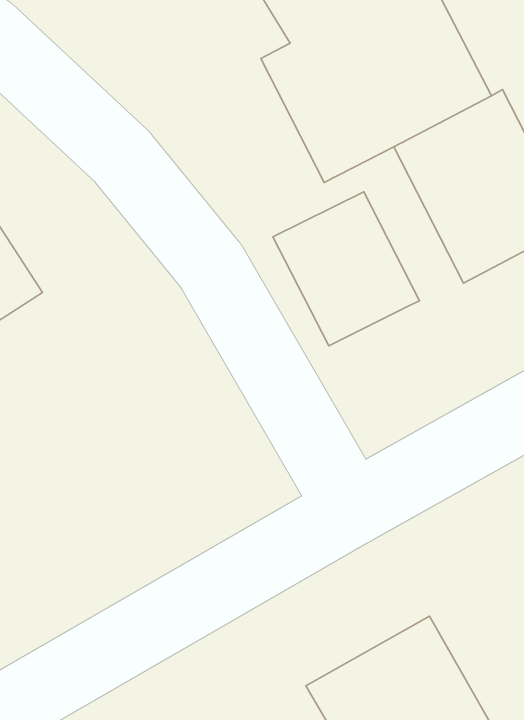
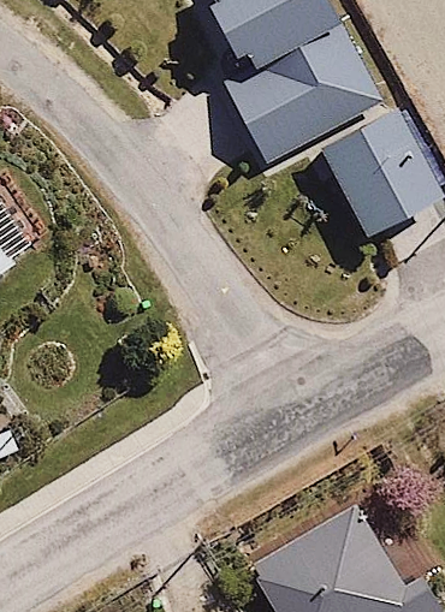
building: [273,192,420,346] -> none

